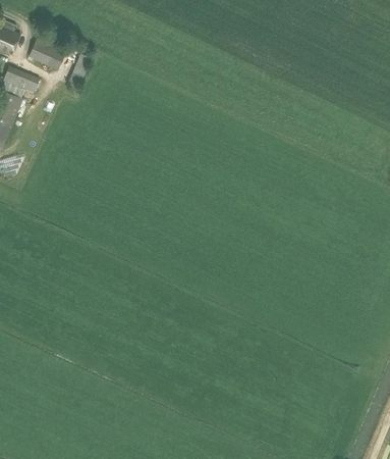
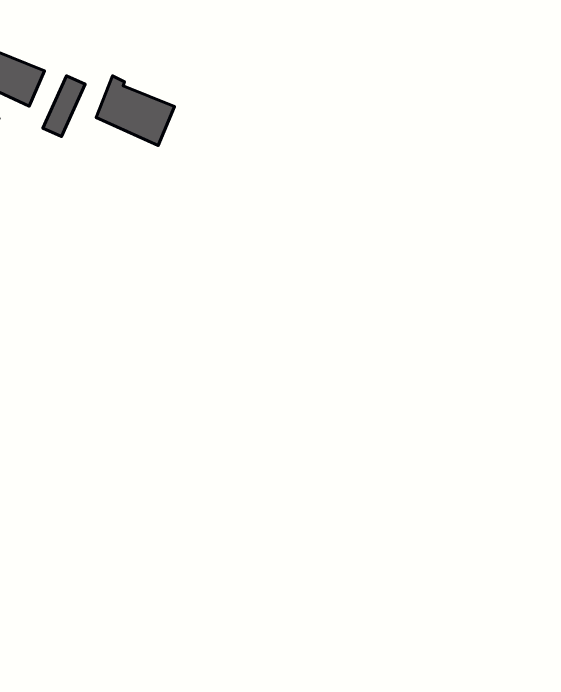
building: none -> [96,76,175,146]

